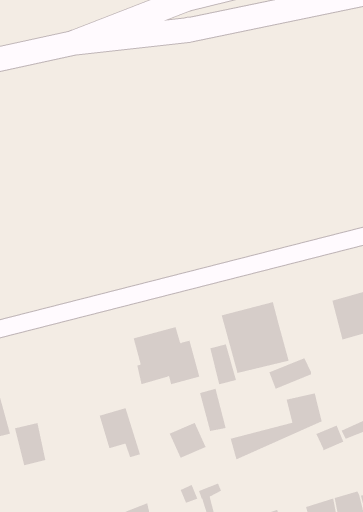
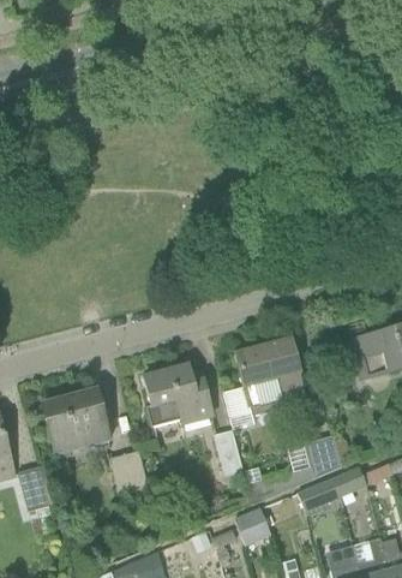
building: none -> [42,388,109,455]
building: [268,357,312,389] -> [296,477,342,511]
building: [169,422,207,459] -> [232,507,271,546]

